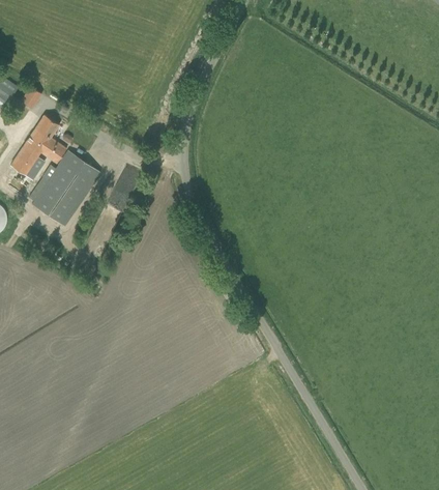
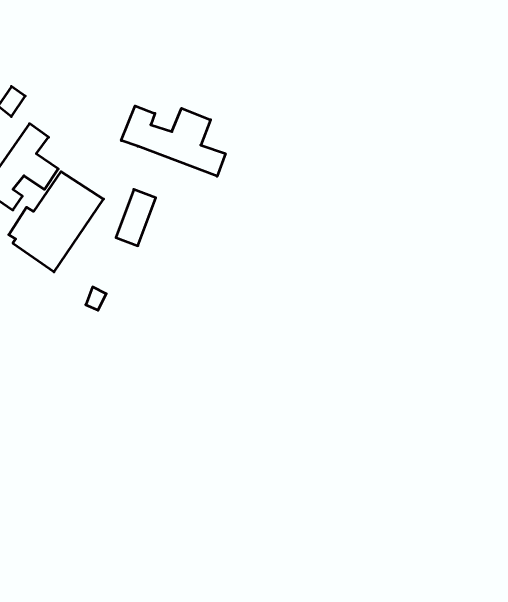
building: none -> [121,106,225,176]

